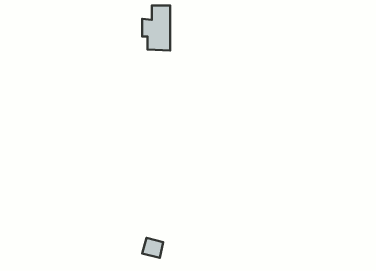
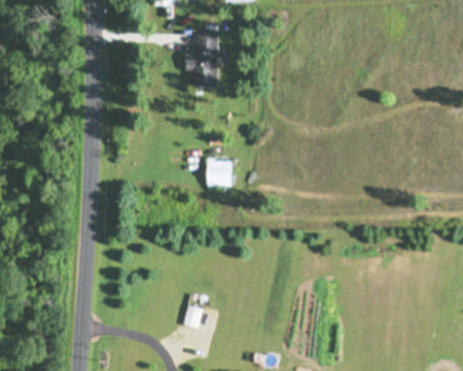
building: none -> [207,160,233,185]

